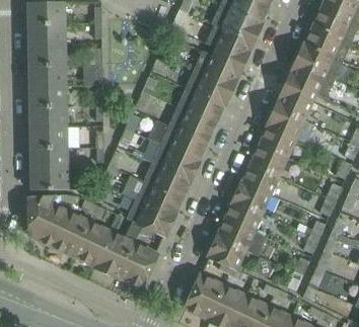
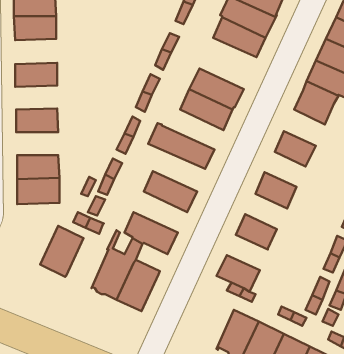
building: [29,45,67,67] -> none
building: [194,48,244,89] -> none
building: [29,86,67,107] -> none
building: [168,107,215,143] -> none
building: [269,107,314,144] -> none
building: [30,128,68,148] -> none
building: [144,140,201,180] -> none
building: [252,145,288,176] -> none
building: [135,180,183,217] -> none
building: [234,182,272,214] -> none
building: [29,195,68,245] -> none
building: [218,219,267,255] -> none
building: [75,222,113,266] -> none
building: [186,274,224,320] -> none

